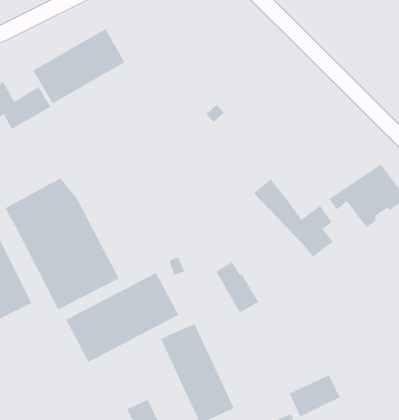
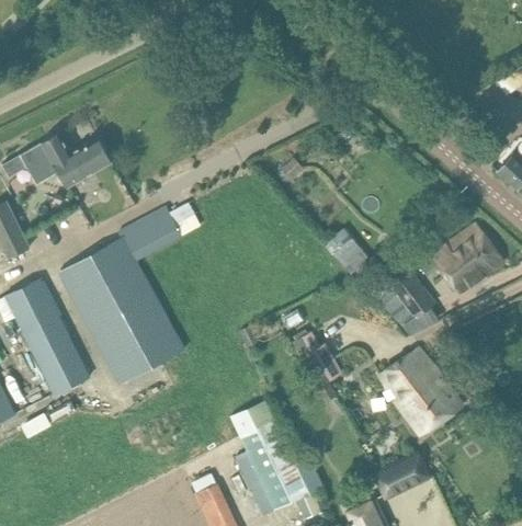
building: [33,28,125,104] -> none
building: none -> [117,207,181,260]
building: [65,272,179,363] -> none
building: none -> [378,348,461,434]

